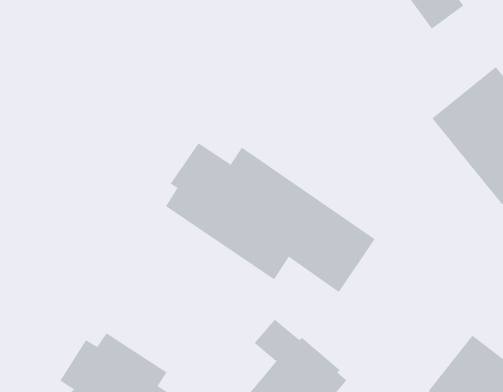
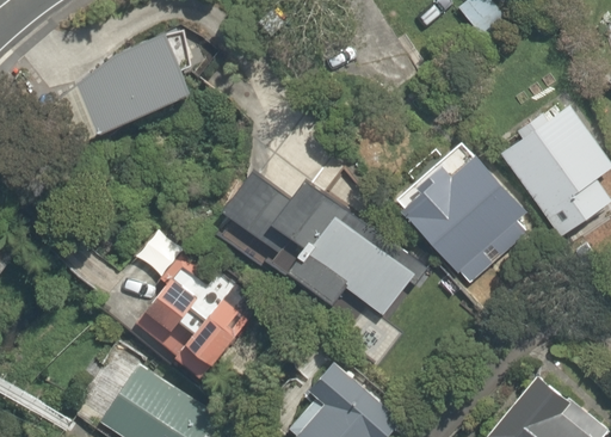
building: none -> [75,37,184,129]
building: none -> [394,154,539,290]
building: none -> [136,269,247,368]

